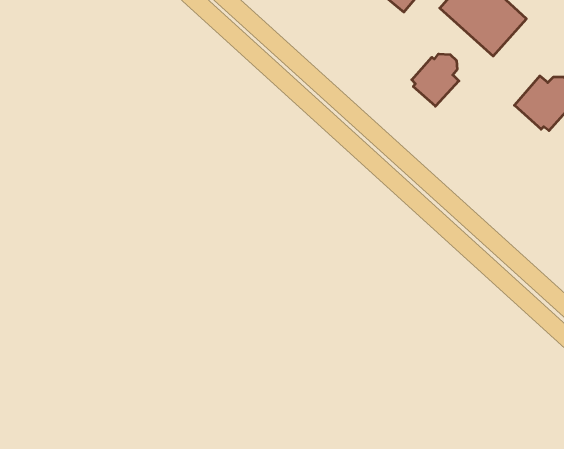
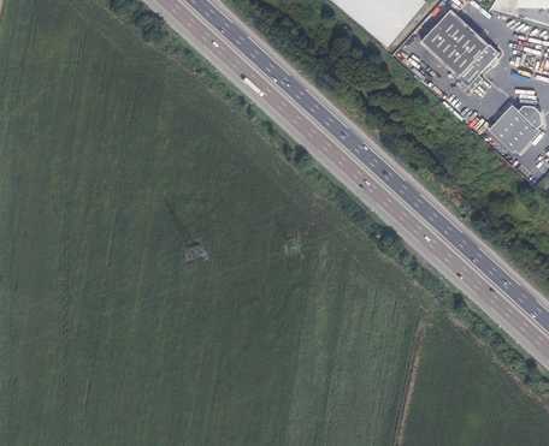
building: [412,54,459,106] -> none

